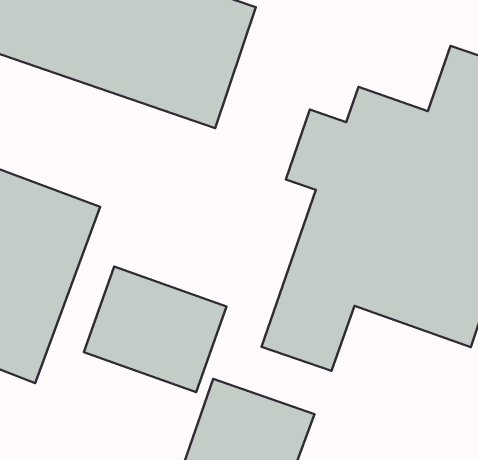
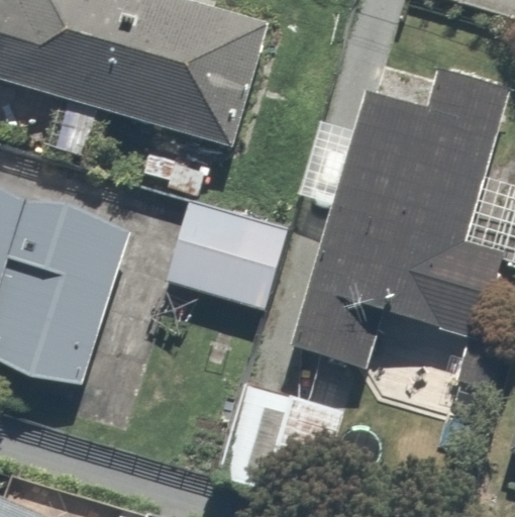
building: [84,266,227,392] -> [165,192,299,308]

